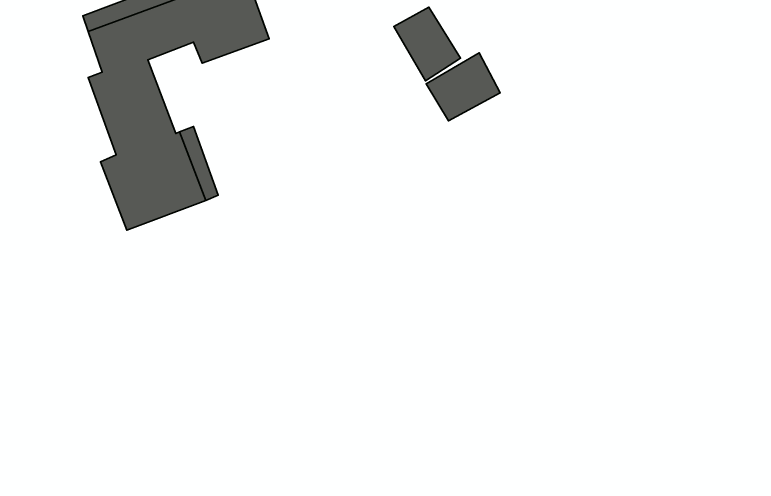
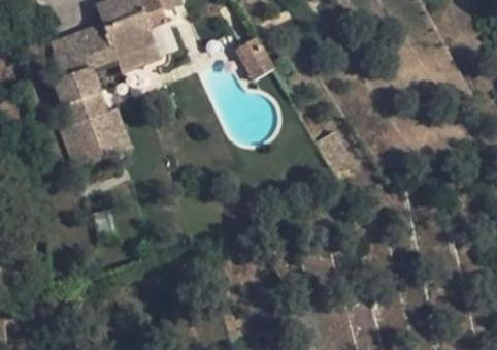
building: [426,53,500,121] -> none

